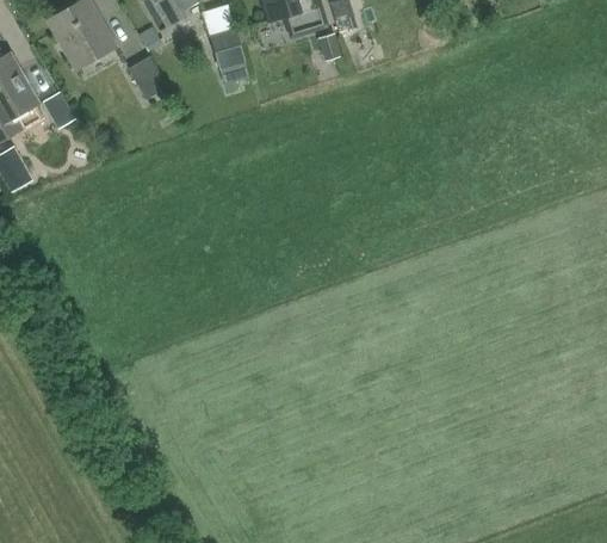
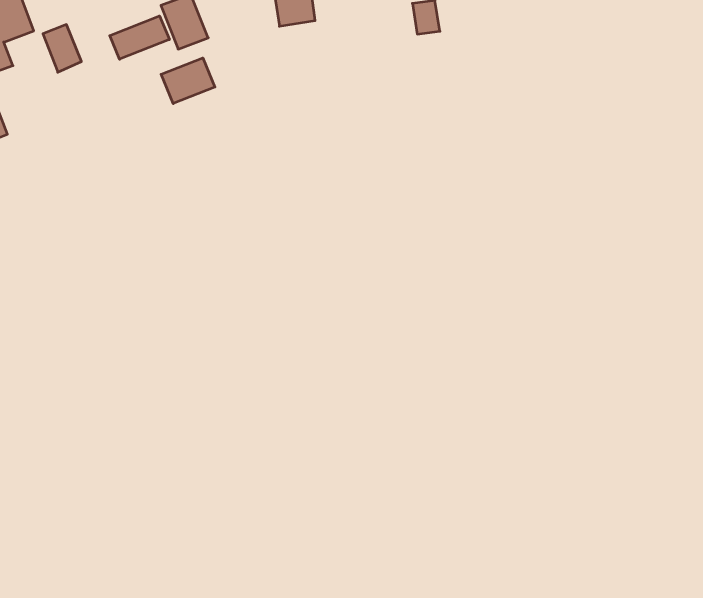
building: none -> [110,16,169,59]
building: none -> [161,58,215,104]

